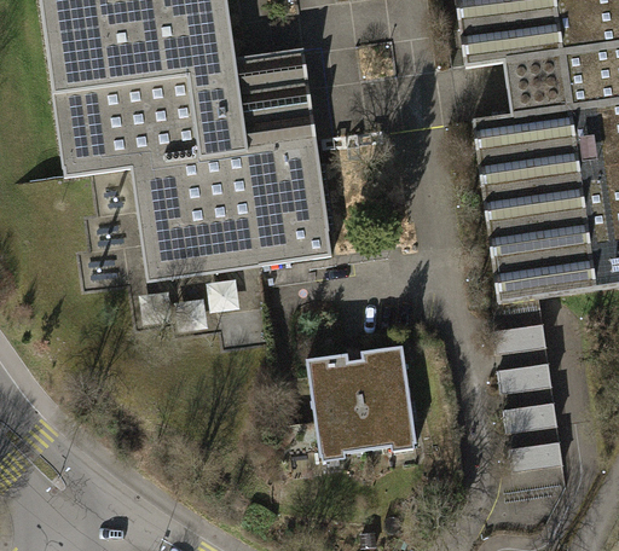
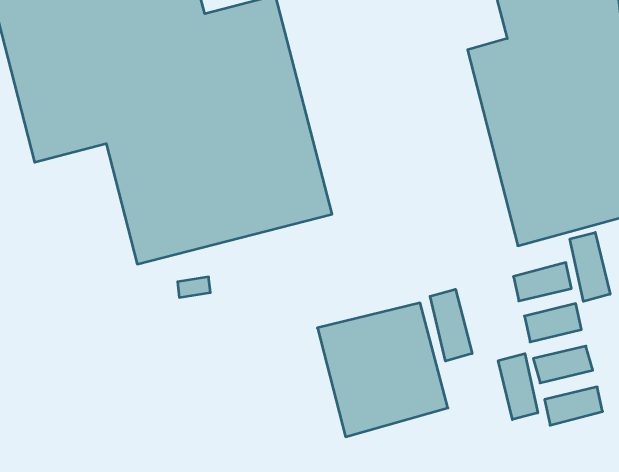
building: none -> [570,232,610,301]
building: none -> [430,289,472,361]
building: none -> [498,354,538,420]

